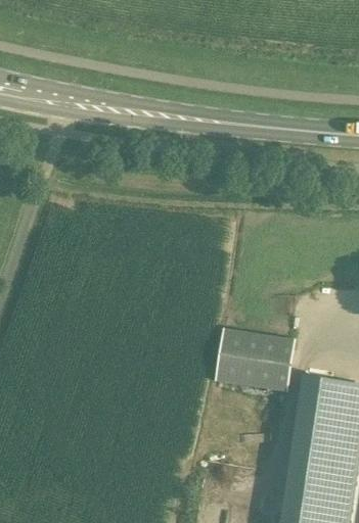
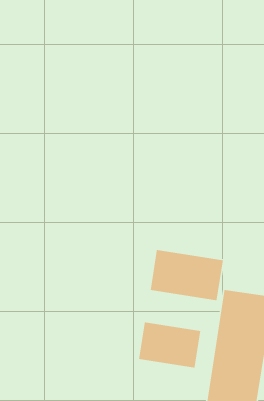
building: none -> [138,322,201,368]

